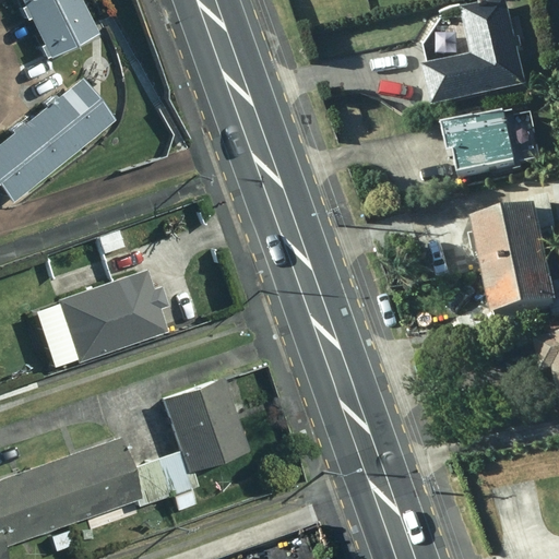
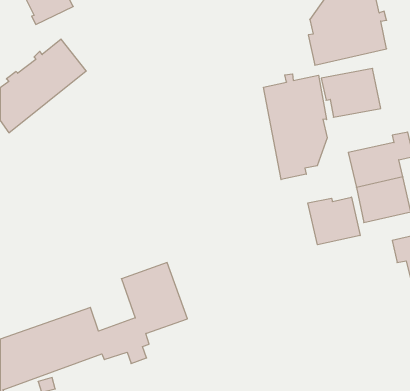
building: none -> [264,74,327,180]
building: [59,267,170,361] -> none
building: none -> [308,197,360,245]

